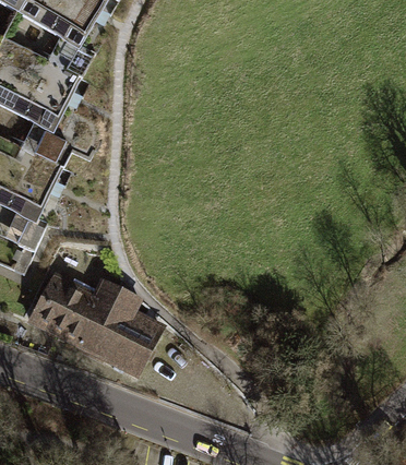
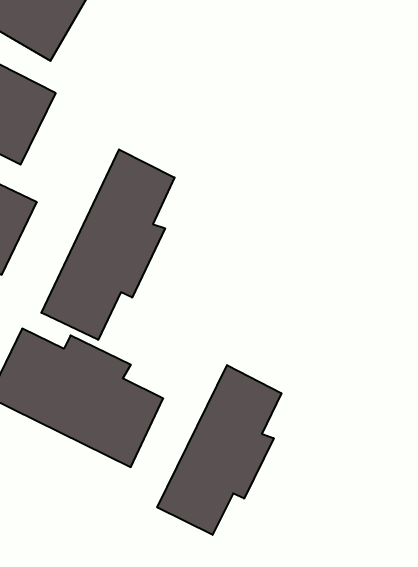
building: none -> [41,149,175,340]
building: none -> [157,365,281,535]

